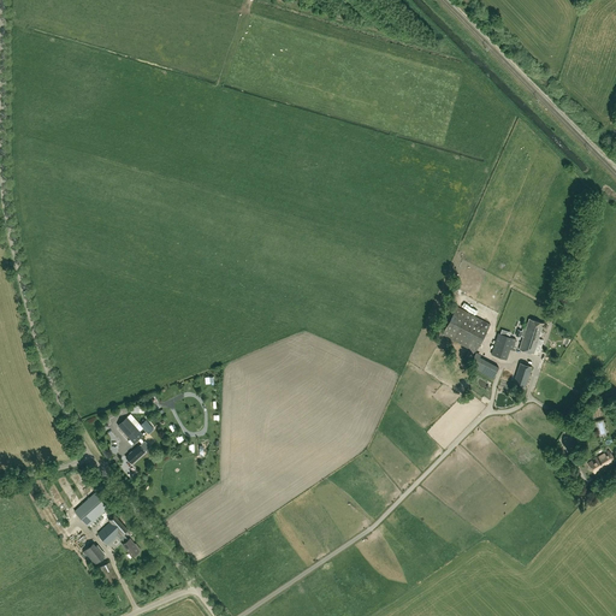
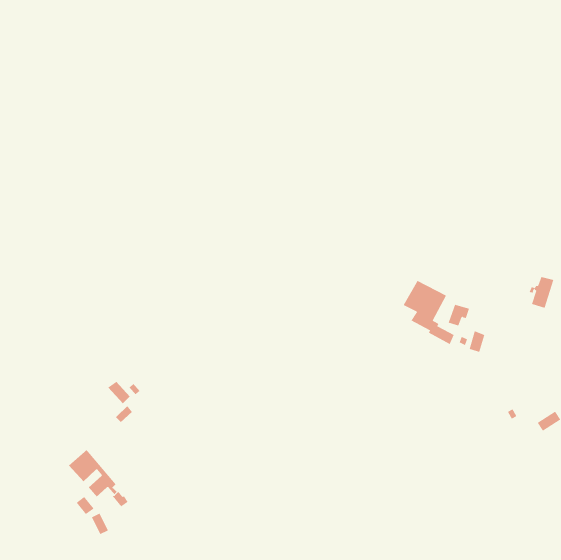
building: [516,320,544,355] -> [529,277,554,308]

